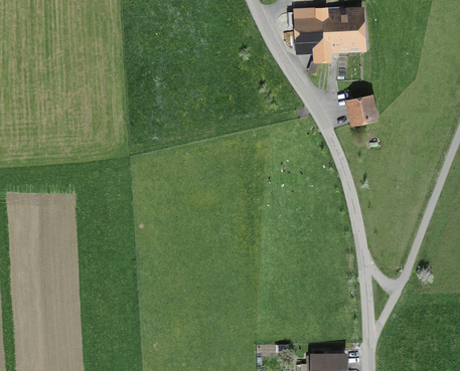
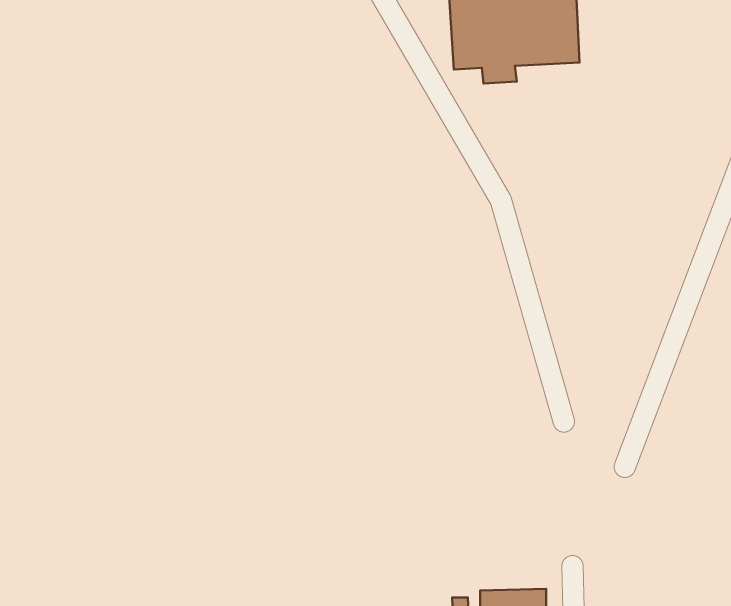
building: [344,92,378,125] -> none

